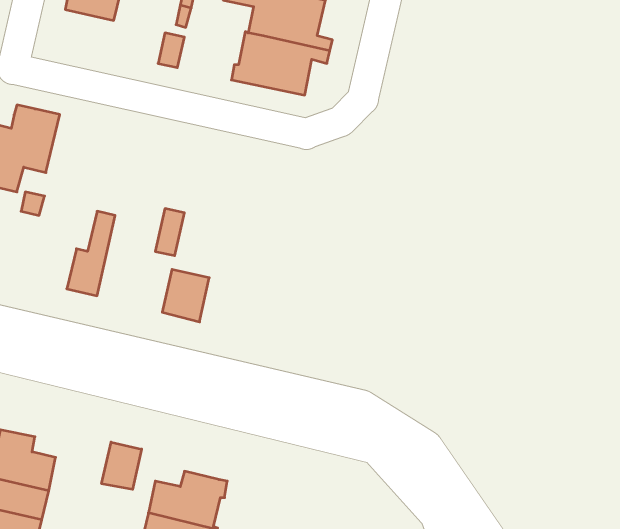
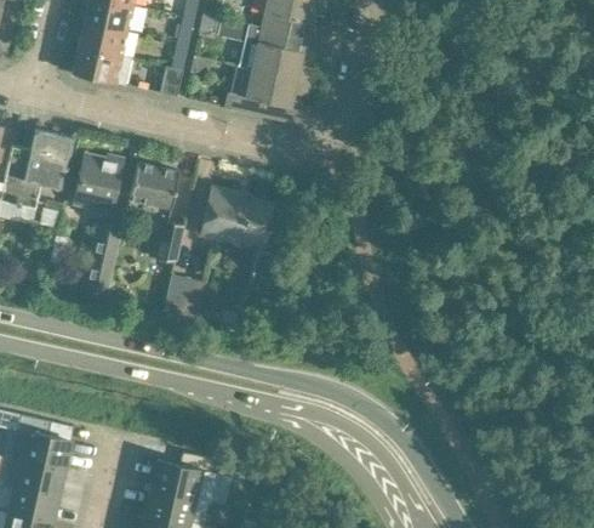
building: none -> [73,45,131,84]
building: none -> [75,153,124,214]
building: none -> [130,161,181,208]
building: none -> [201,186,273,244]
building: [102,442,142,489] -> none

